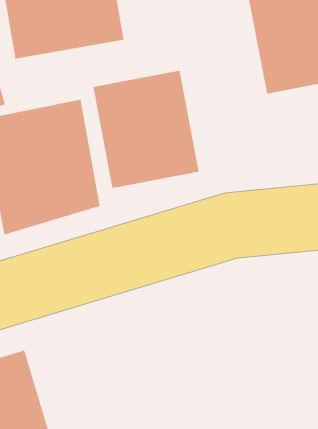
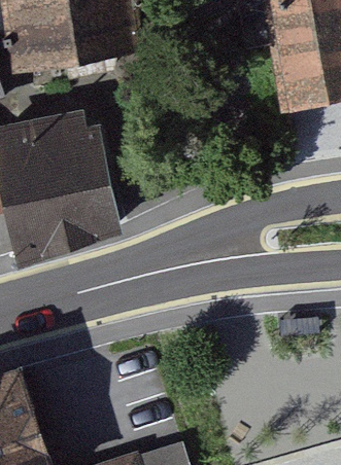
building: [92,70,200,189] -> none

